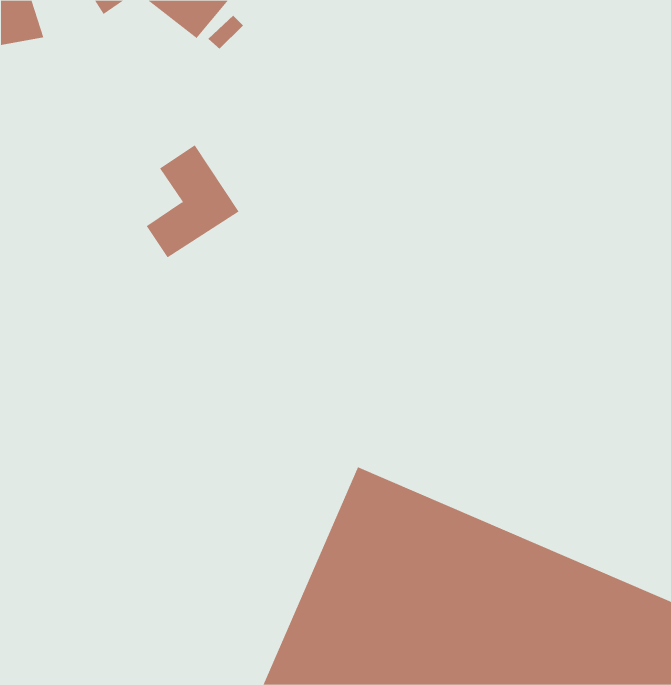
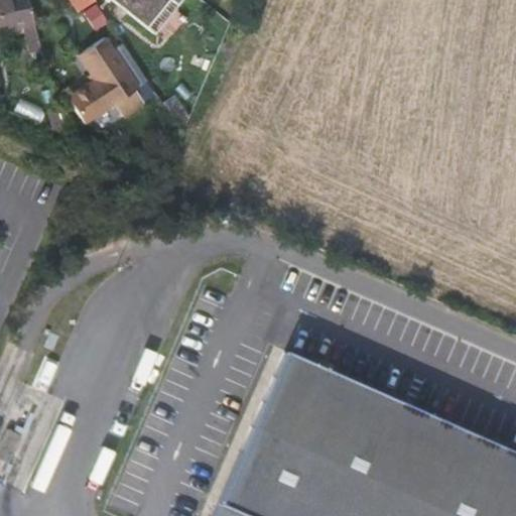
building: [146,144,239,258] -> [78,38,148,124]

